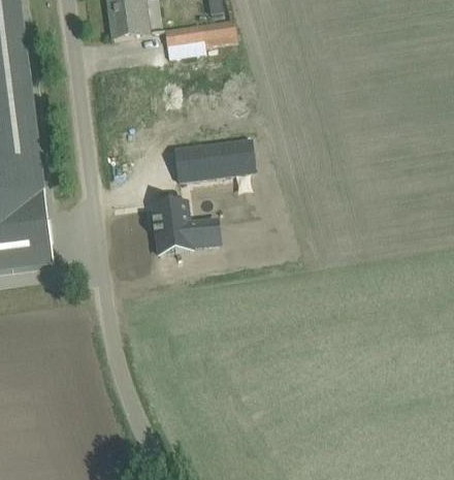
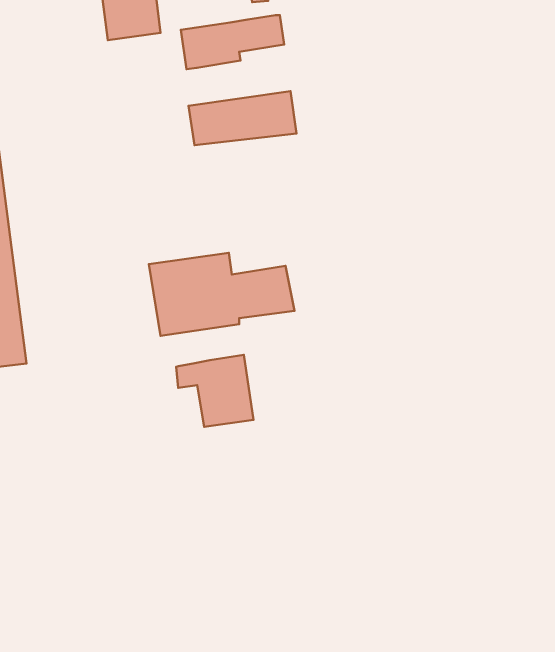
building: [177,136,254,174] -> [189,91,296,145]
building: none -> [176,355,253,427]

